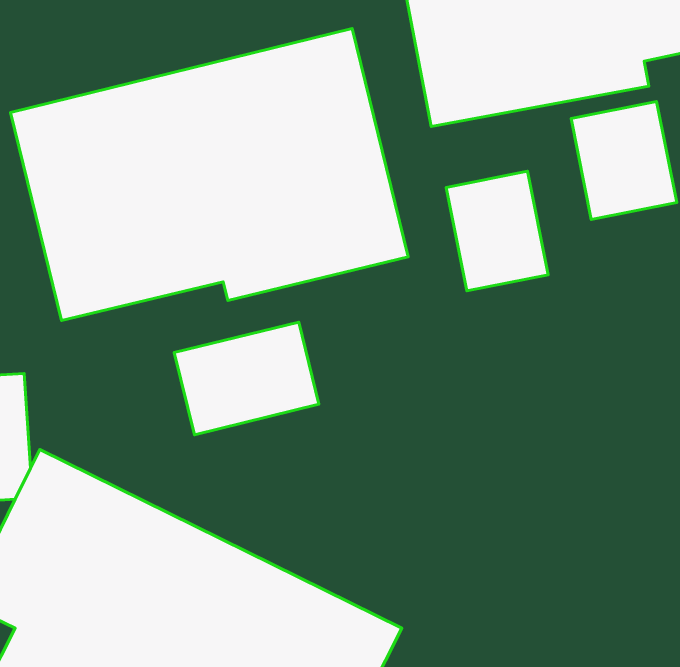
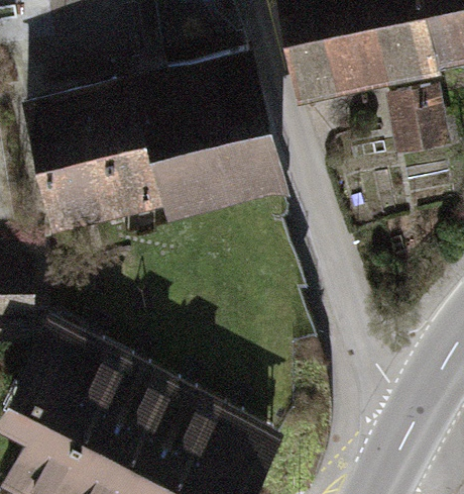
building: [446,171,548,291] -> none
building: [174,322,319,435] -> none

